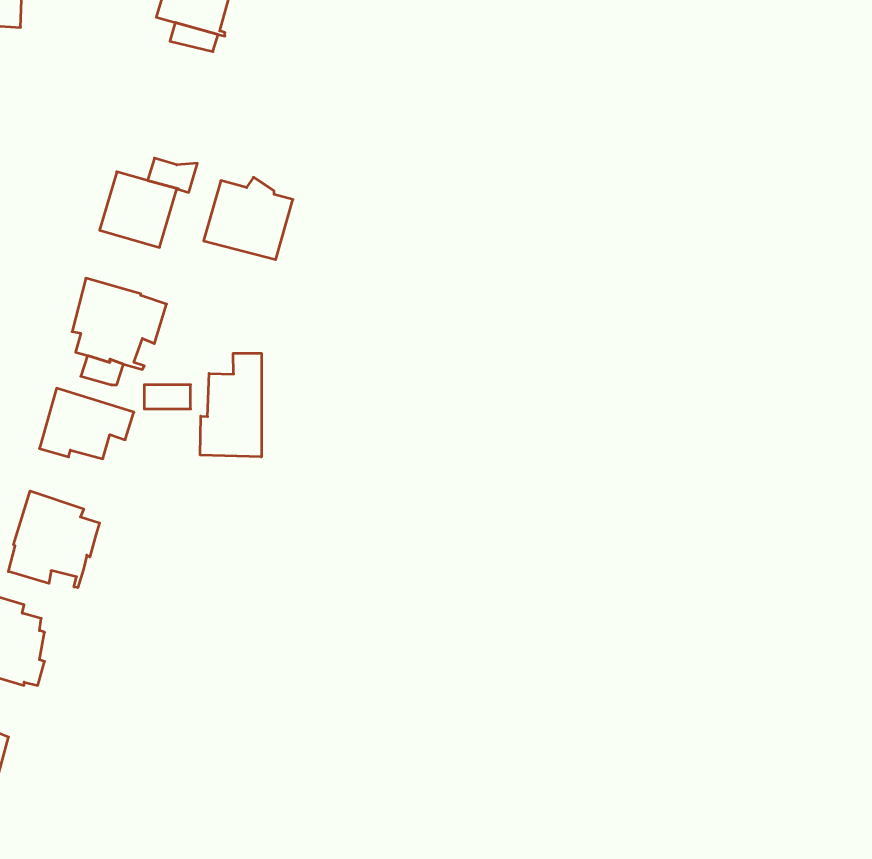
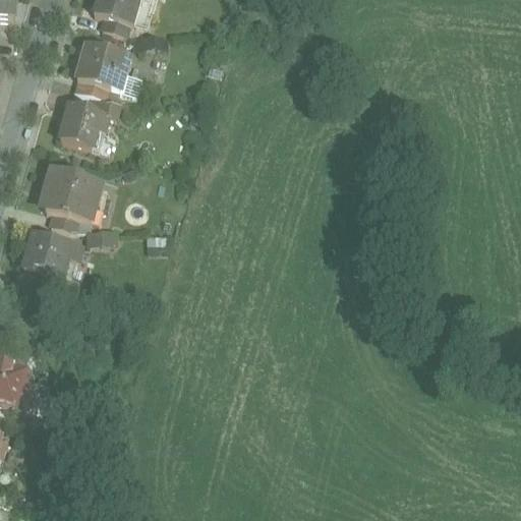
building: [204,177,293,260] -> [75,40,128,89]
building: [200,353,261,457] -> none
building: [8,491,100,588] -> none

